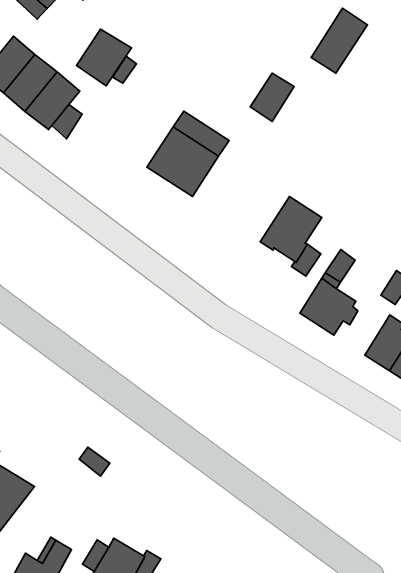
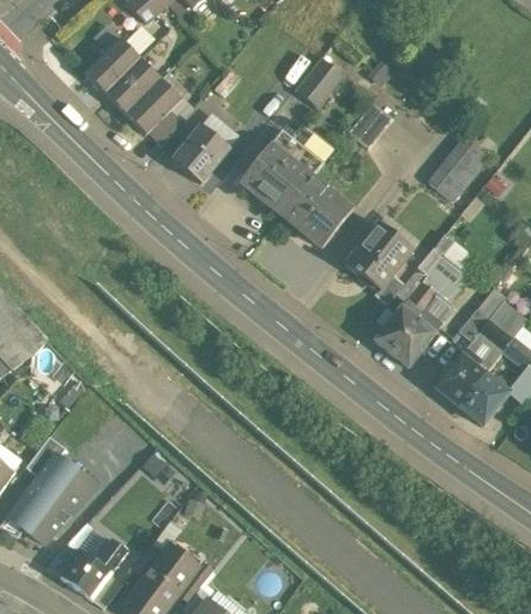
building: [311,8,367,73] -> [429,136,488,199]
building: [76,29,132,86] -> [173,126,229,182]
building: none -> [295,55,345,107]
building: none -> [282,176,352,246]
building: none -> [423,254,465,299]

